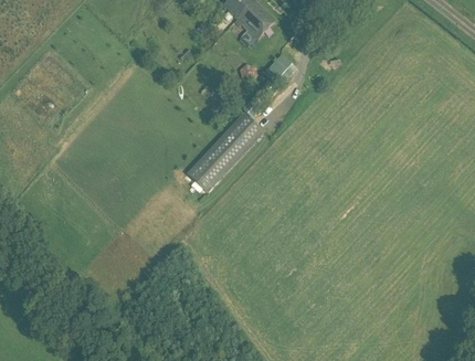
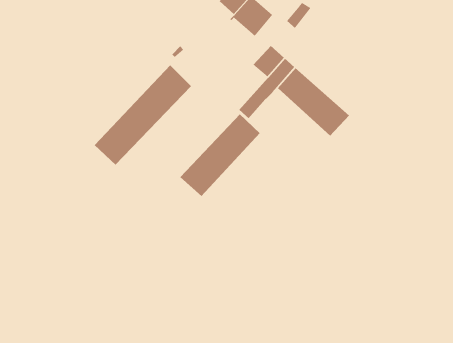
building: none -> [94,64,192,166]
building: none -> [277,67,350,137]

